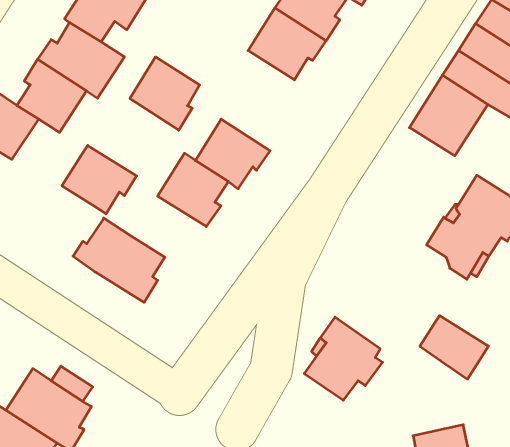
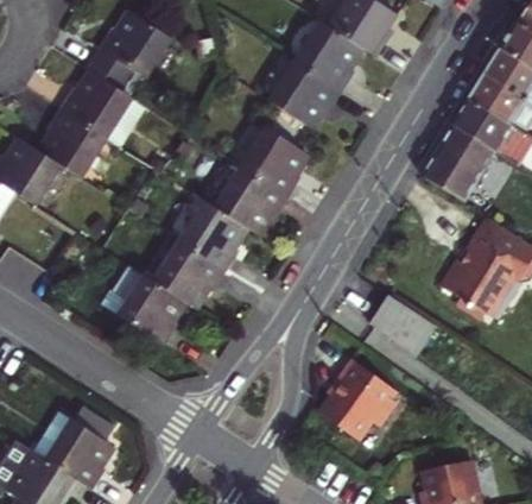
building: [130,57,200,130] -> [239,125,306,196]
building: [62,145,137,214] -> [152,240,224,307]
building: [420,316,488,379] -> [369,295,436,357]

